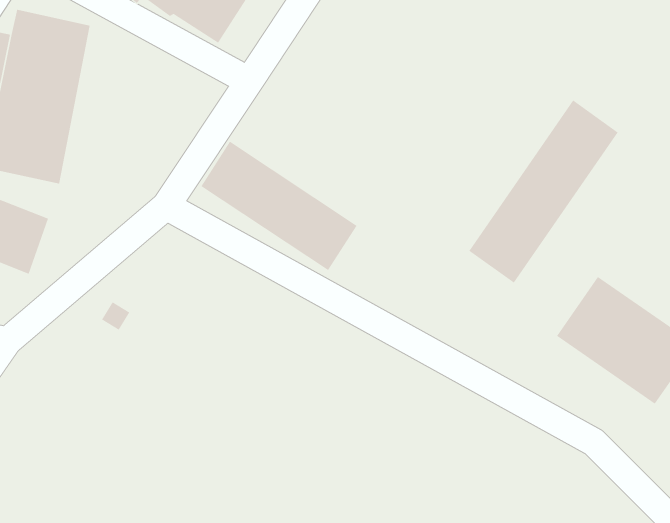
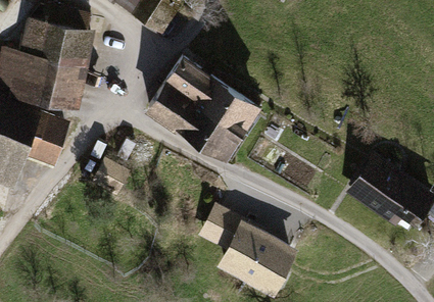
building: none -> [166,61,255,133]
building: [468,100,619,284] -> none
building: none -> [207,212,290,289]

